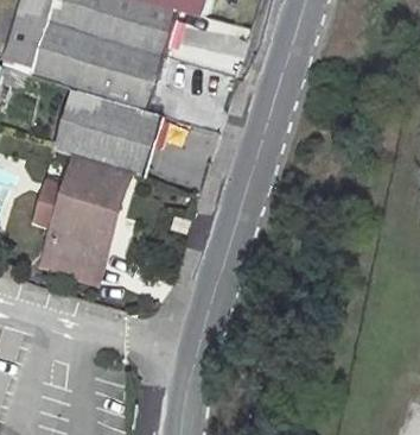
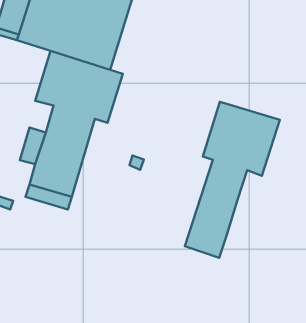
building: none -> [185,102,280,258]

